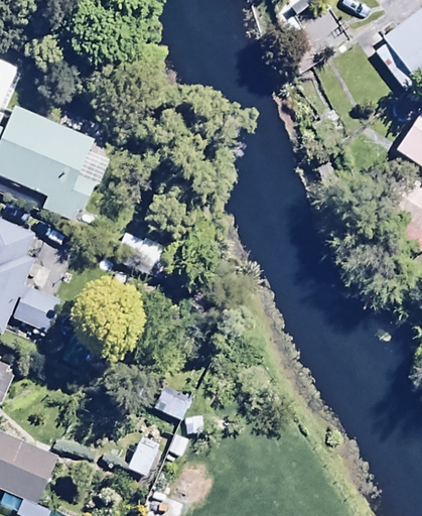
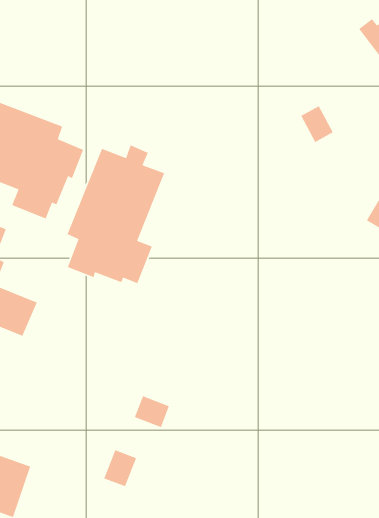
building: none -> [66,144,165,284]

